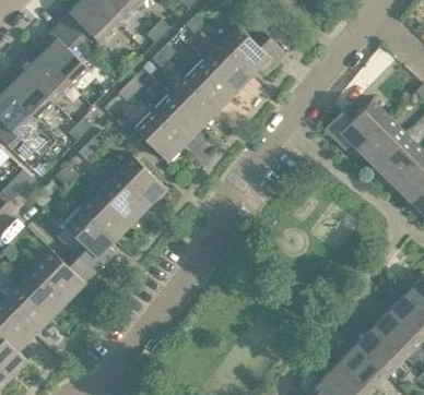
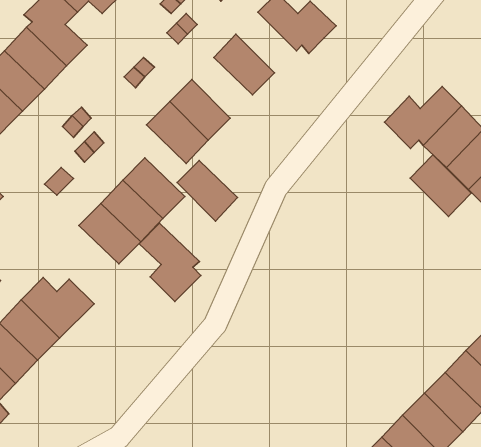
building: [205,40,254,88] -> none
building: [170,76,219,124] -> [177,161,238,221]
building: none -> [410,155,471,216]
building: [64,210,114,272] -> [139,223,201,301]

